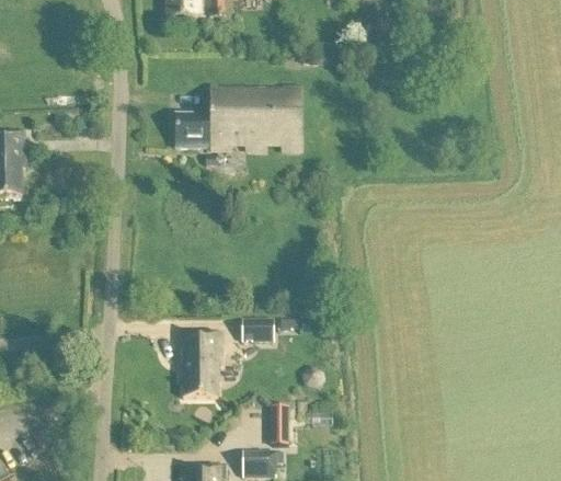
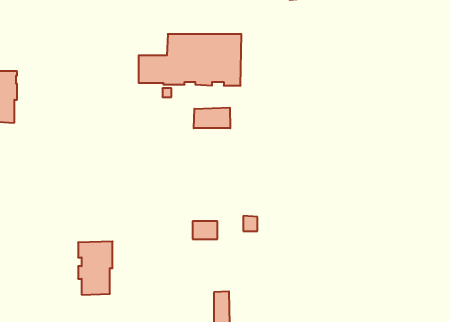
building: none -> [194,108,230,128]
building: [178,329,220,394] -> [78,241,113,295]

